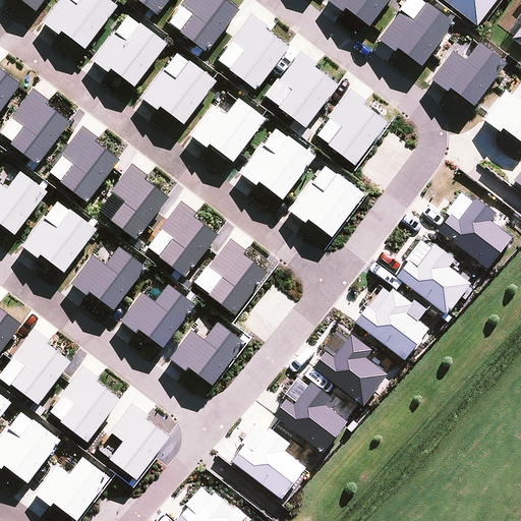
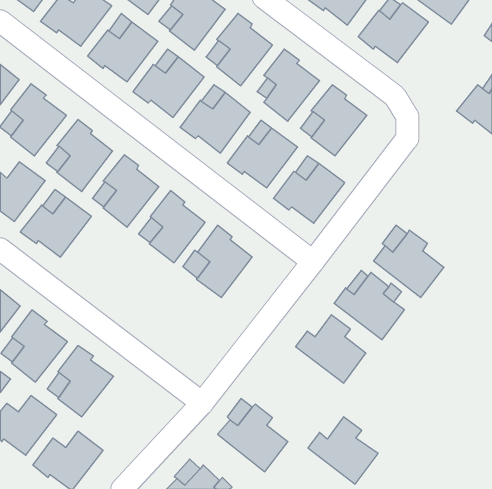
building: [430,43,505,106] -> none
building: [437,198,511,270] -> none
building: [70,246,144,309] -> none
building: [120,284,194,347] -> none
building: [169,322,244,385] -> none
building: [273,382,347,453] -> [308,417,378,484]
building: [109,403,169,479] -> none

